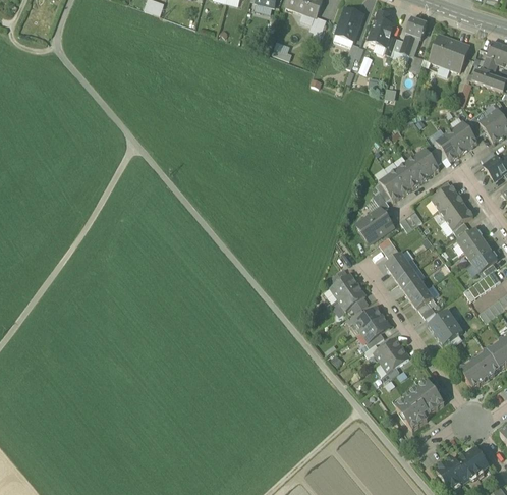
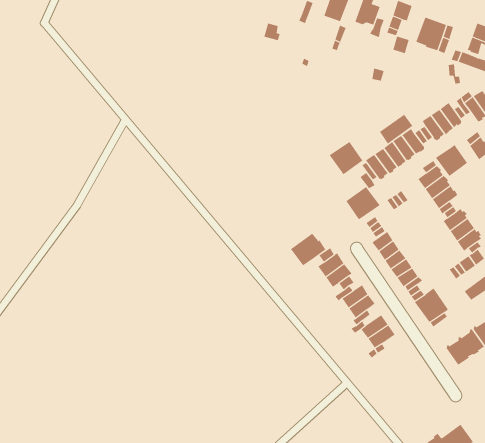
building: none -> [379,114,413,145]
building: none -> [329,141,363,175]
building: none -> [435,144,468,177]
building: none -> [290,233,326,266]
building: [396,380,444,429] -> none

